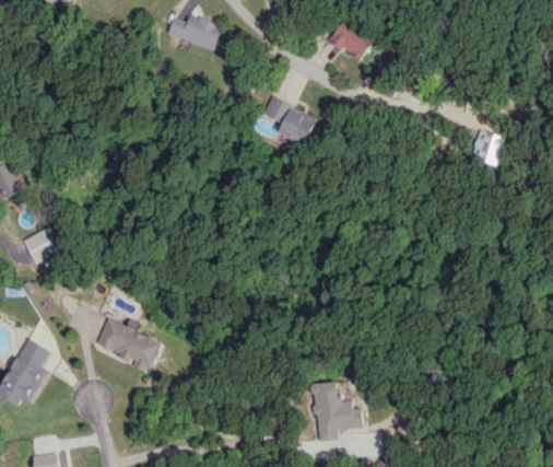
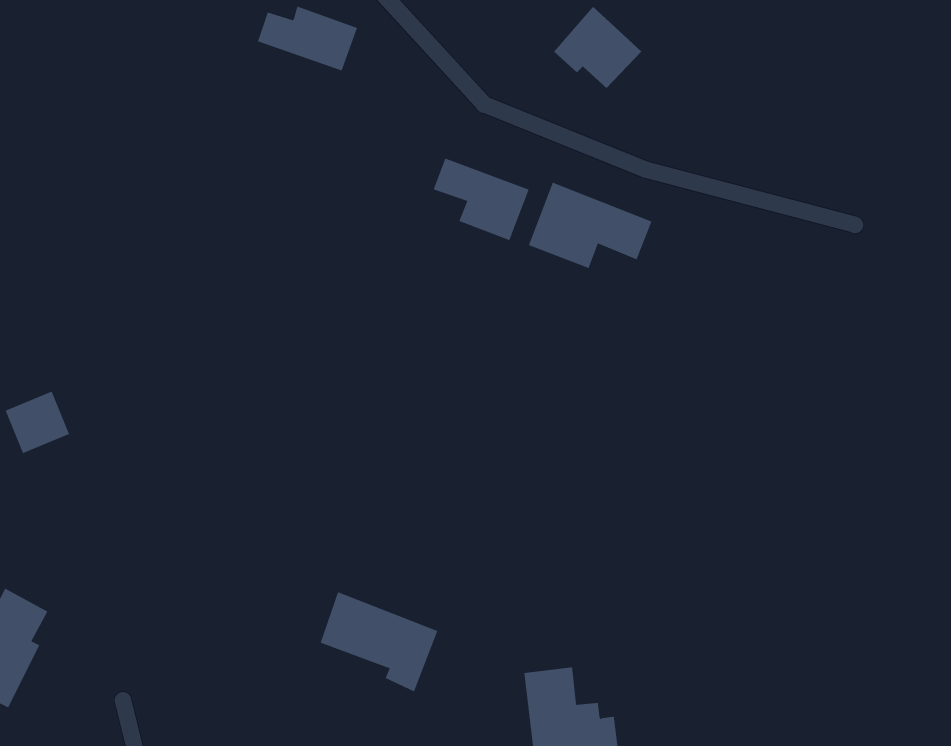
building: none -> [528,182,652,269]
building: [471,130,505,166] -> none
building: [97,318,163,374] -> [320,591,438,692]

